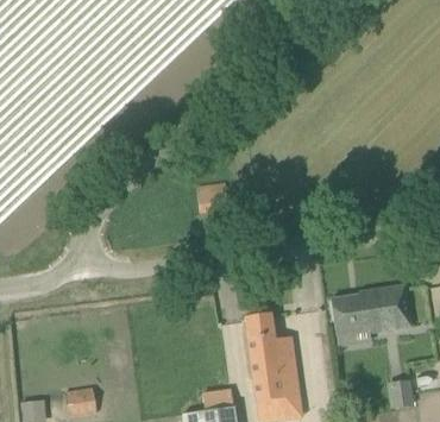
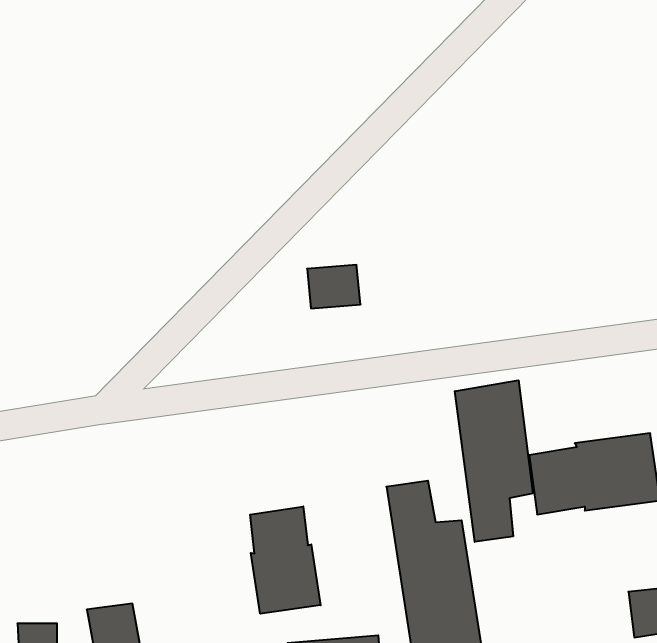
building: none -> [455,380,533,542]
building: none -> [250,506,321,614]

